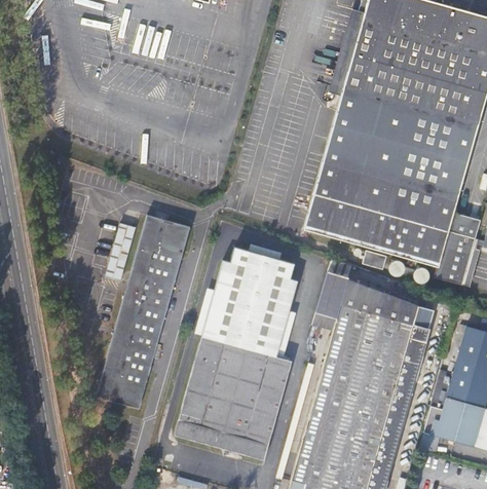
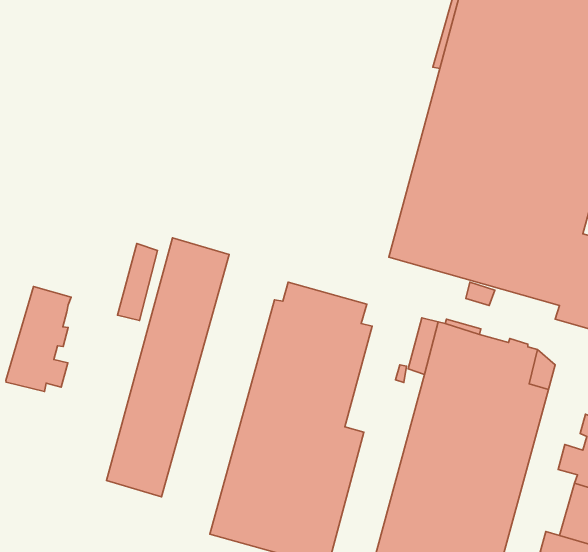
building: none -> [6,287,71,392]

